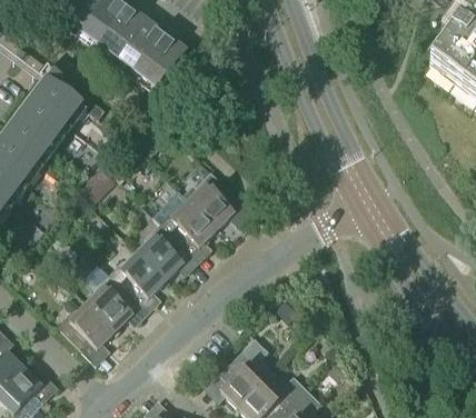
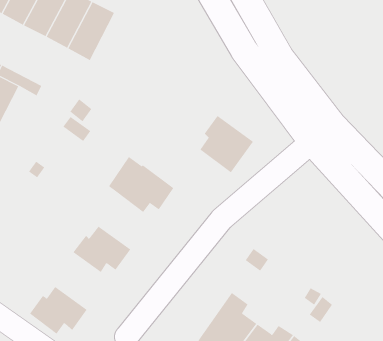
building: [189,170,242,228] -> [199,115,254,173]
building: [137,222,182,280] -> none
building: [85,262,132,331] -> none

